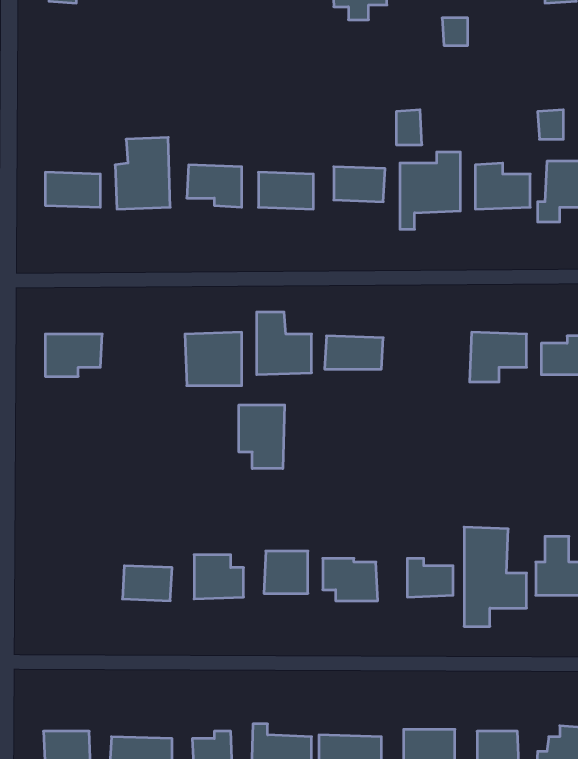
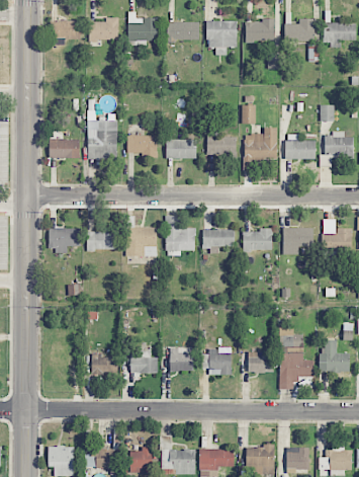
building: none -> [86,227,116,250]
building: none -> [243,230,272,250]
building: [239,405,285,469] -> none

